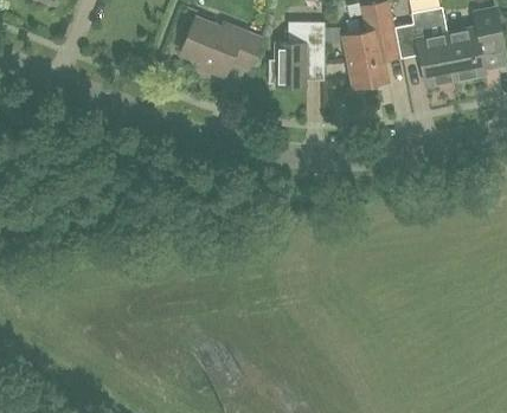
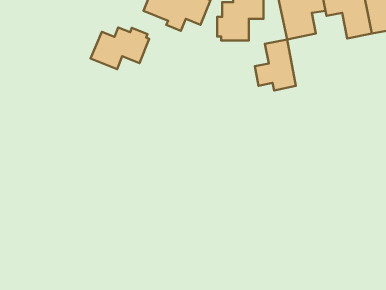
building: none -> [90,27,149,69]
building: none -> [255,40,296,91]

